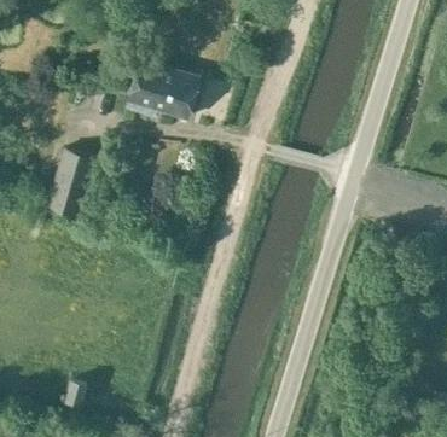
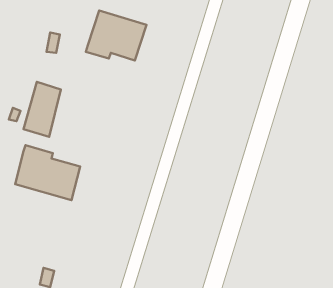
building: none -> [15,145,80,200]

